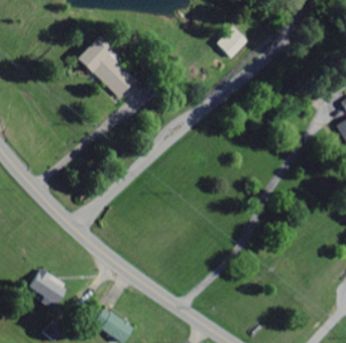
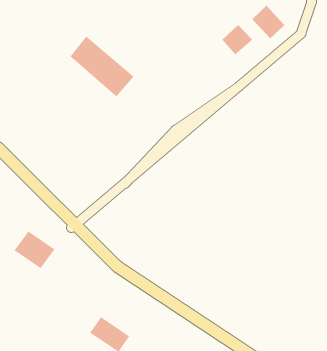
building: none -> [251,5,285,39]
building: [28,268,69,306] -> [14,230,56,269]

